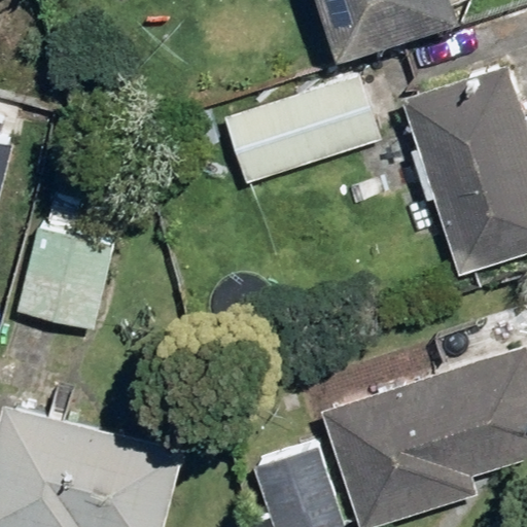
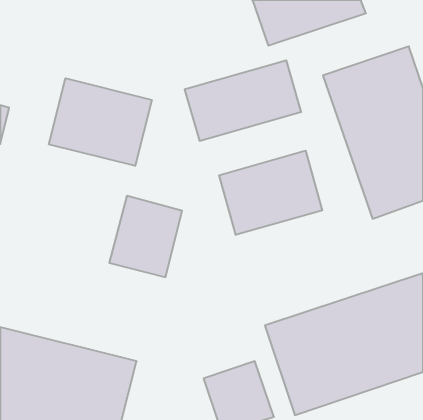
building: none -> [49,78,152,166]
building: none -> [219,151,322,235]
building: [22,221,112,322] -> [109,196,182,277]

